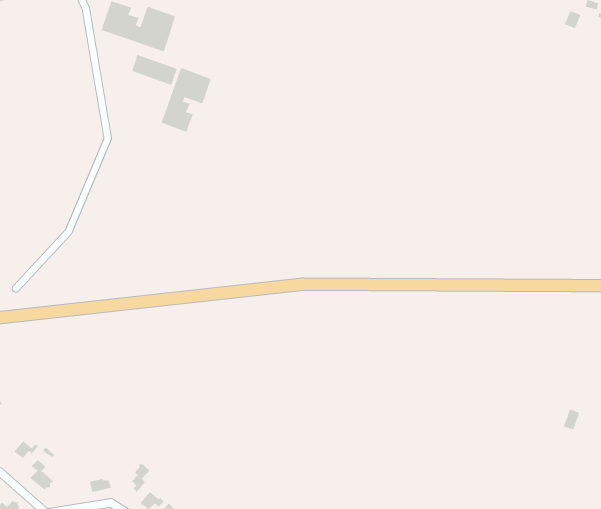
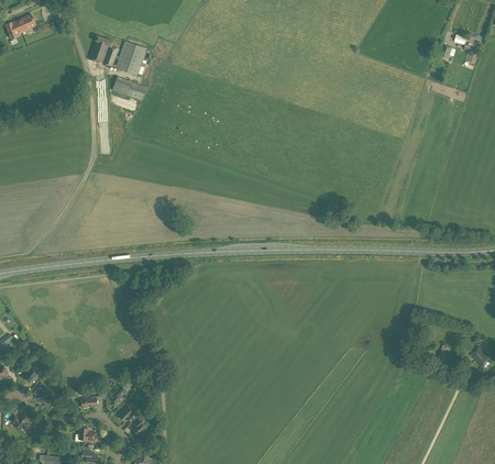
building: [160,67,212,133] -> none

